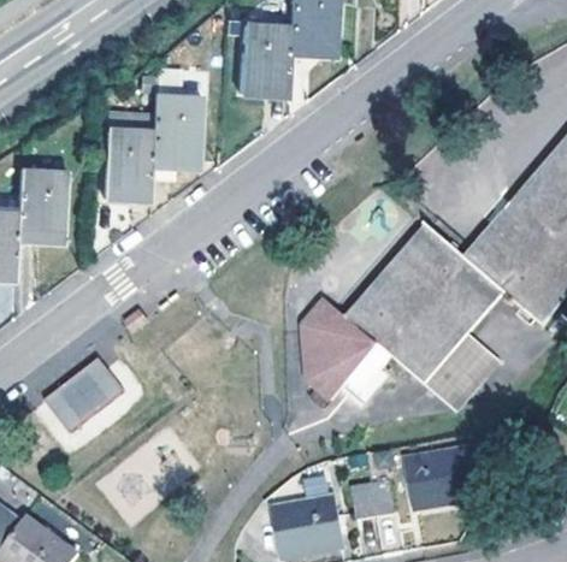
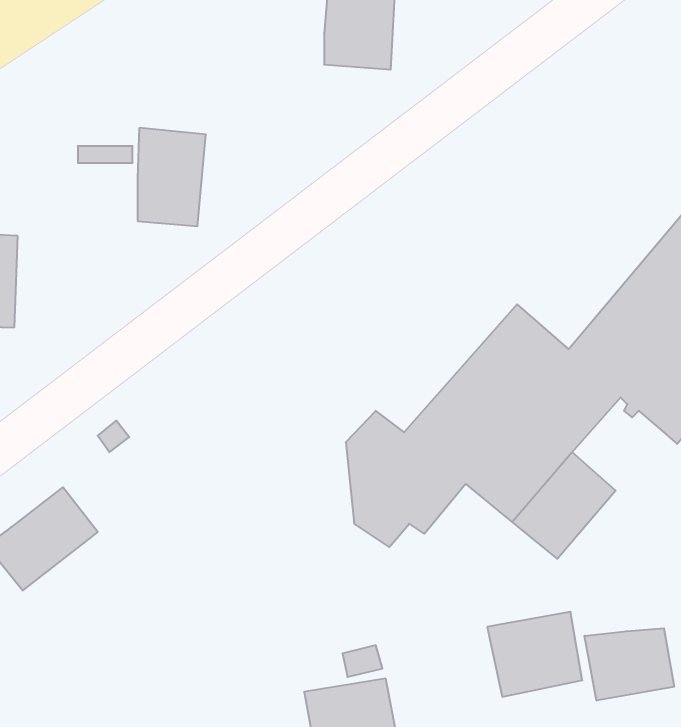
building: [240,24,288,95] -> none
building: [102,129,153,197] -> none
building: none -> [584,628,674,701]
building: [350,478,395,516] -> none

